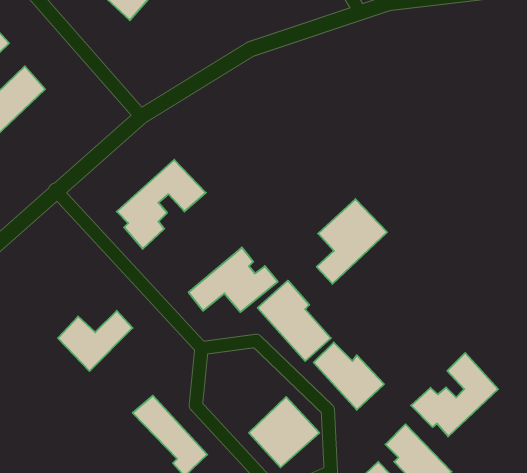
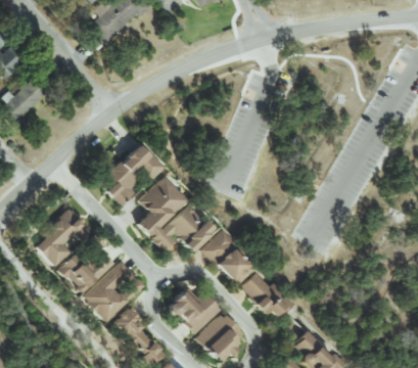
building: [317,199,387,284] -> [138,175,188,235]
building: none -> [34,209,91,266]
building: none -> [82,260,144,321]
building: [411,353,498,437] -> none
building: none -> [168,284,220,333]

